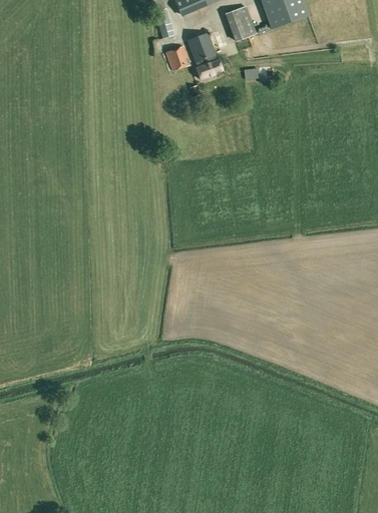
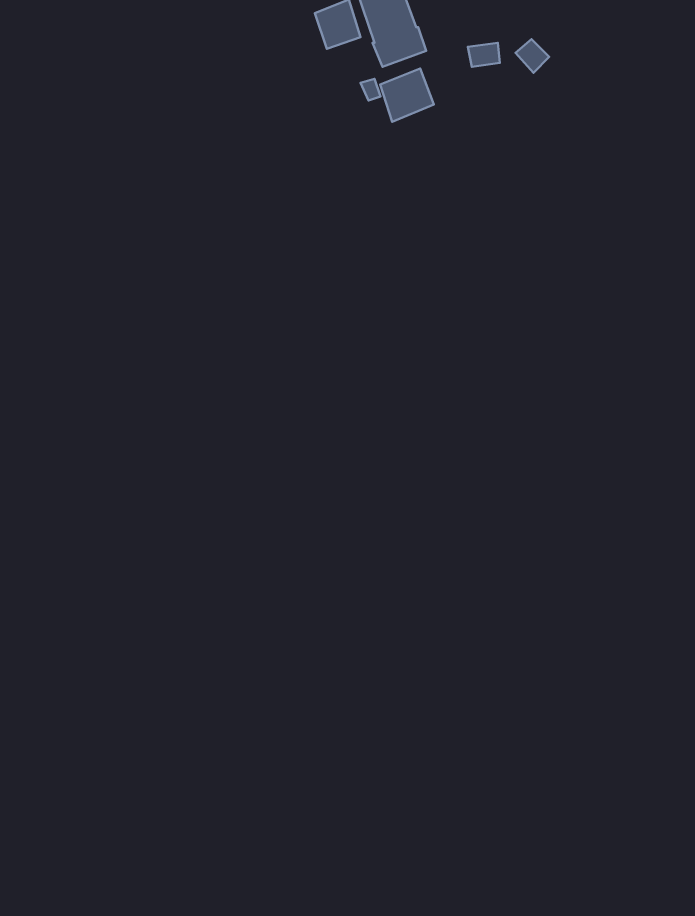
building: none -> [380,68,434,122]

